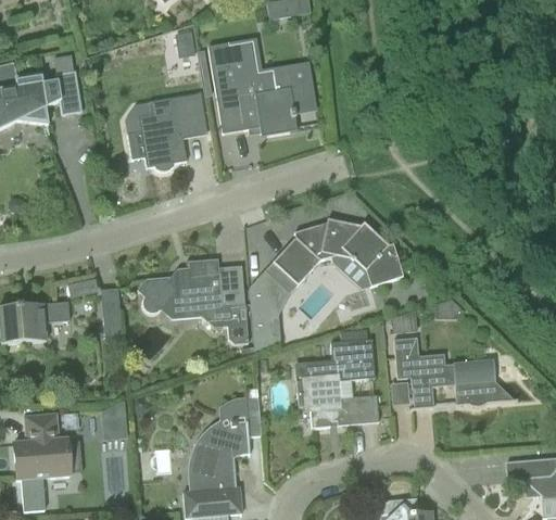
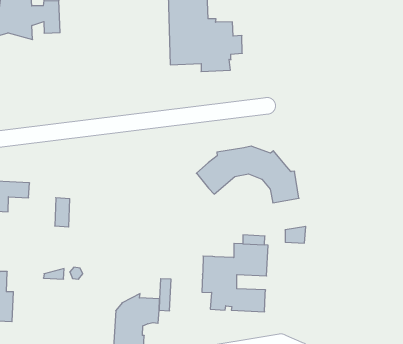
building: [123,87,206,170] -> none
building: [137,258,249,343] -> none
building: [250,270,290,351] -> none
building: [393,335,518,409] -> none

